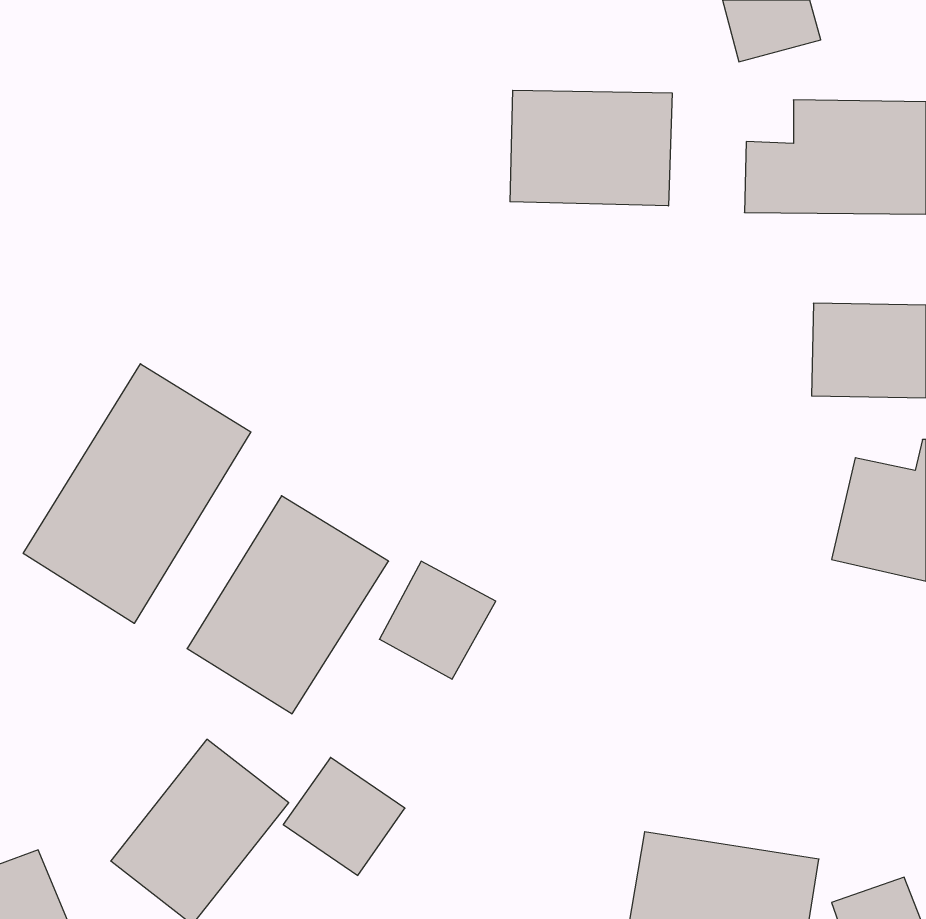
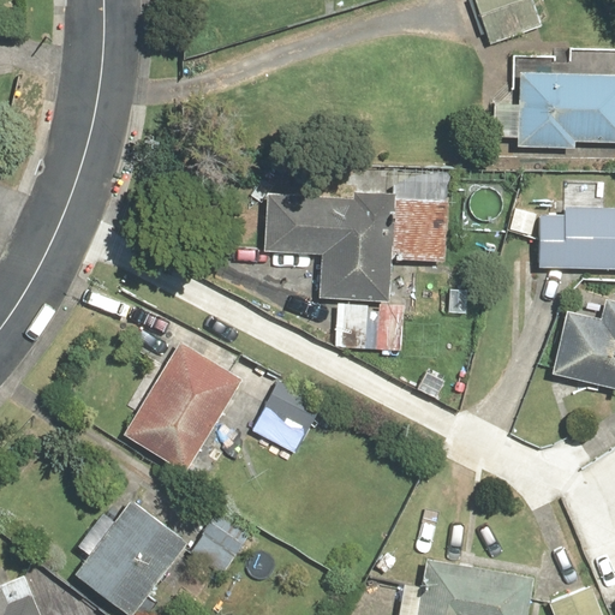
building: [510,90,672,206] -> none
building: none -> [268,169,453,353]
building: [23,364,251,623] -> none

